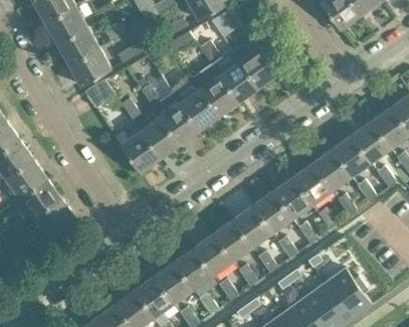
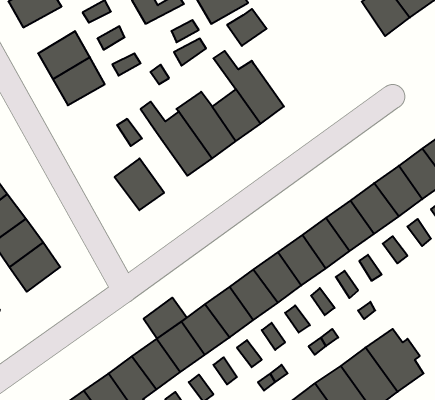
building: [45,6,87,44] -> none
building: [233,38,277,88] -> none
building: [84,79,117,110] -> none
building: [140,116,179,158] -> none
building: none -> [144,298,187,338]

